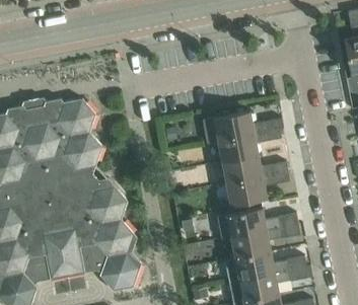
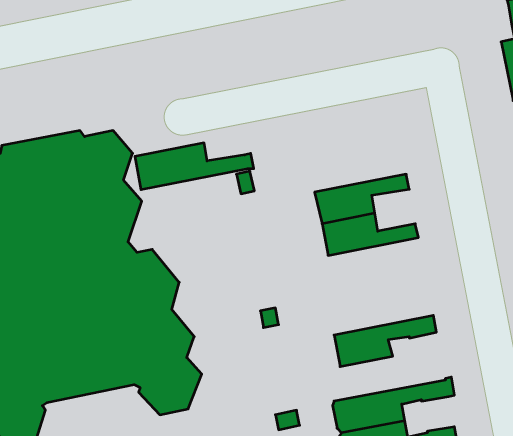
building: [204,110,284,142] -> [135,143,254,190]
building: [227,170,290,205] -> none
building: [217,207,298,238] -> none
building: [226,250,306,281] -> none

